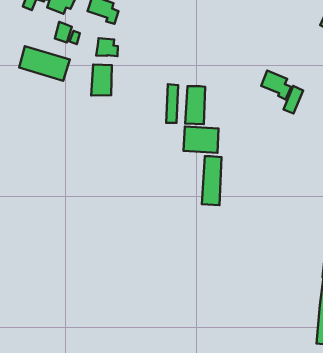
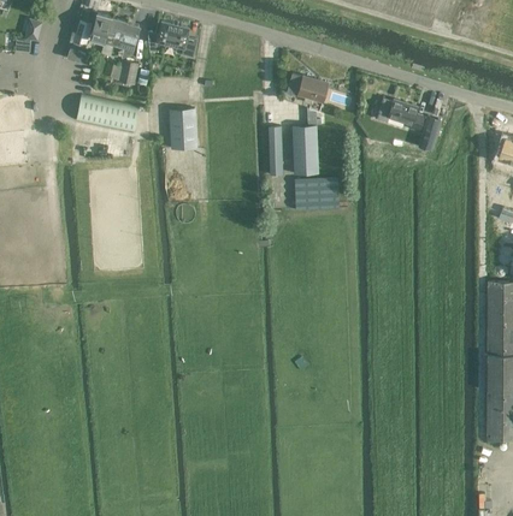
building: [96,38,118,56] -> none
building: none -> [285,73,326,103]
building: [202,156,221,205] -> none

